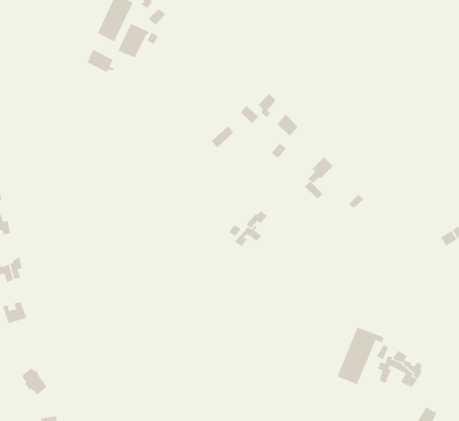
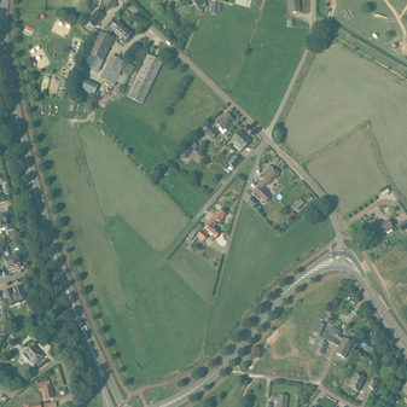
building: none -> [128,53,163,103]
building: [337,327,384,385] -> none

